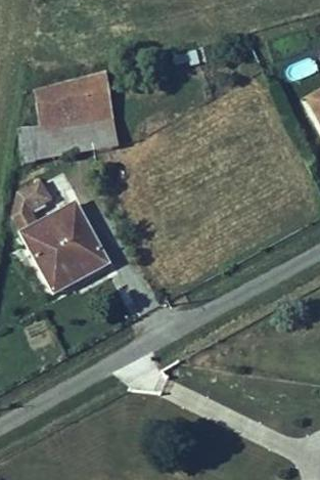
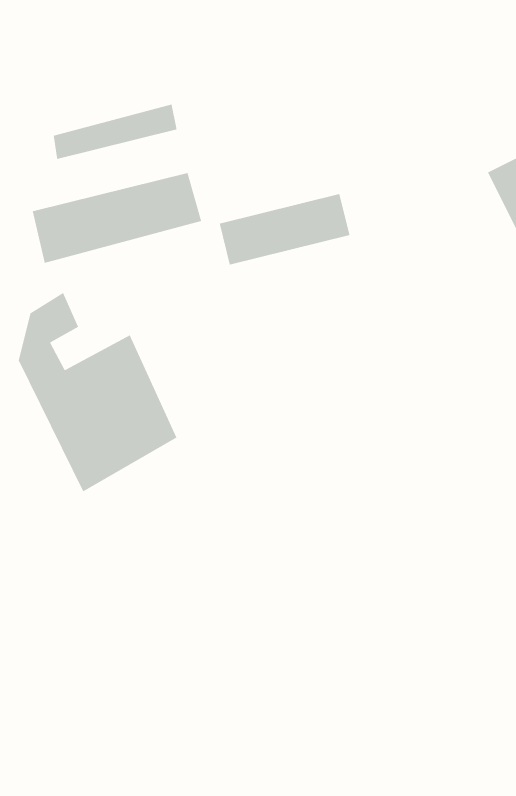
building: [43,80,120,122] -> [219,193,351,265]

